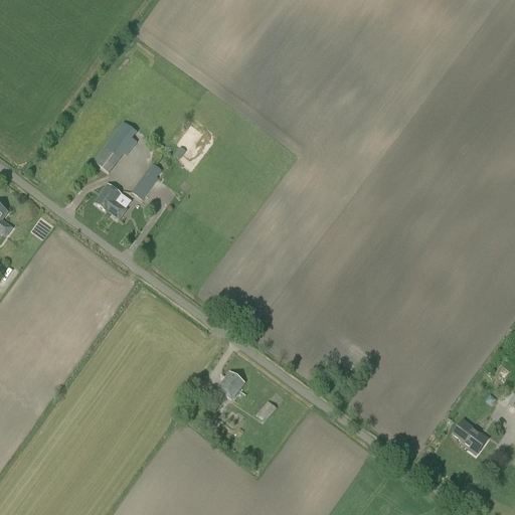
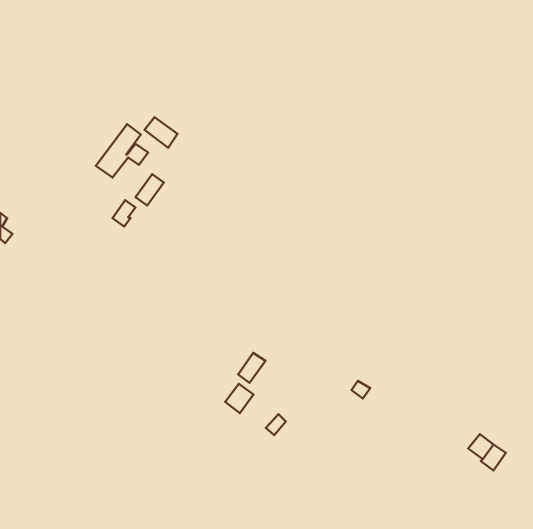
building: none -> [144,117,177,148]
building: [96,183,121,211] -> none
building: none -> [238,353,266,383]

